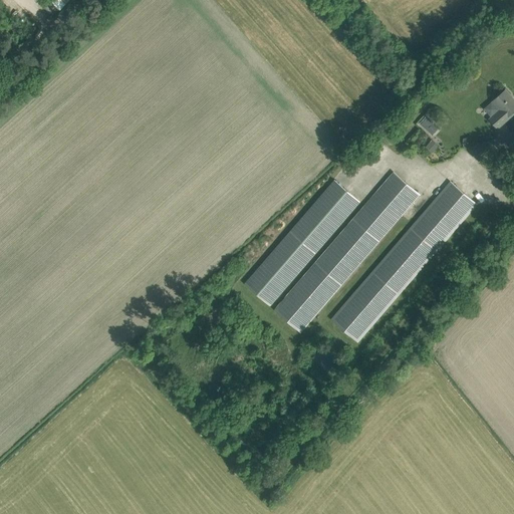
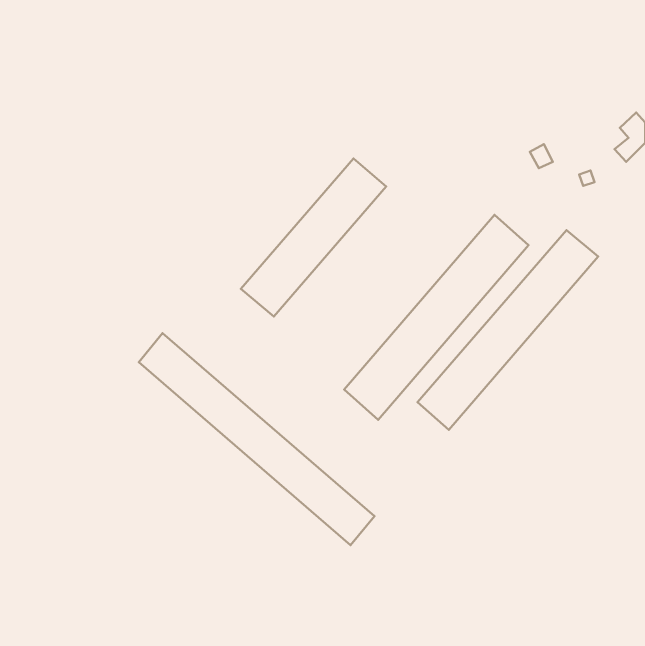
building: [244,180,359,305] -> [241,159,386,317]
building: none -> [139,333,374,545]

